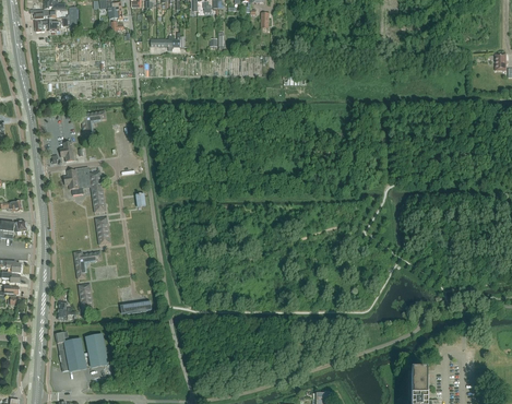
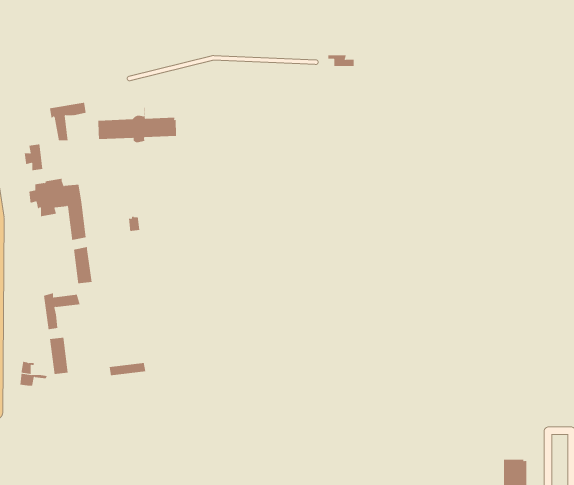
building: none -> [98,107,177,143]
building: [56,331,107,370] -> none

